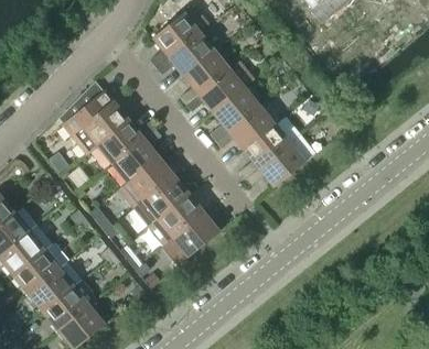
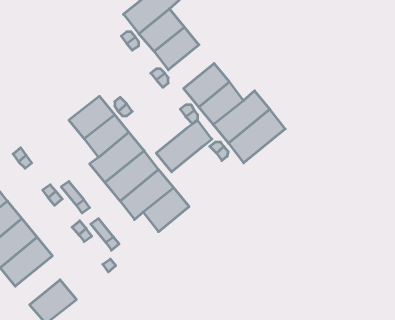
building: [197,61,254,112] -> [156,121,212,172]
building: [63,90,128,153] -> none
building: [43,281,95,330] -> none

